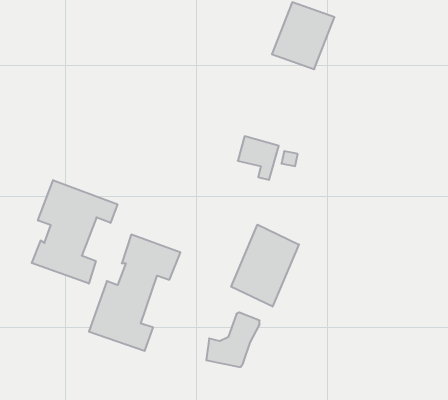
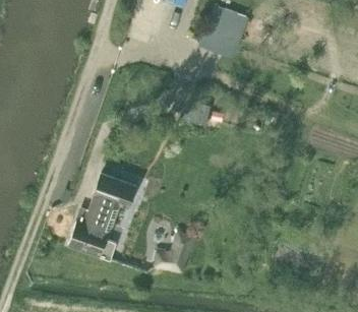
building: [32,180,117,284] -> none
building: [231,225,299,307] -> none

